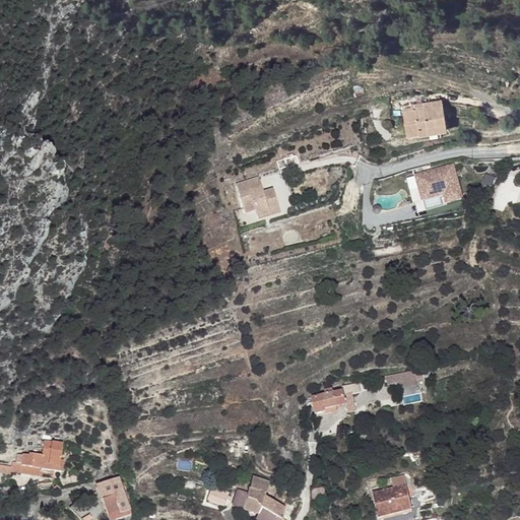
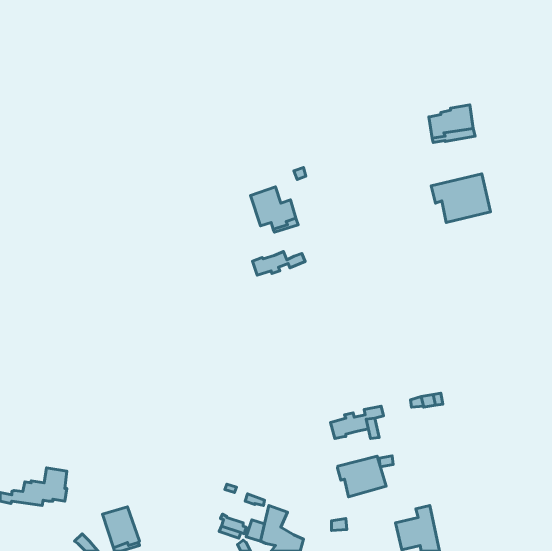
building: none -> [253,252,305,275]
building: none -> [338,456,386,497]

